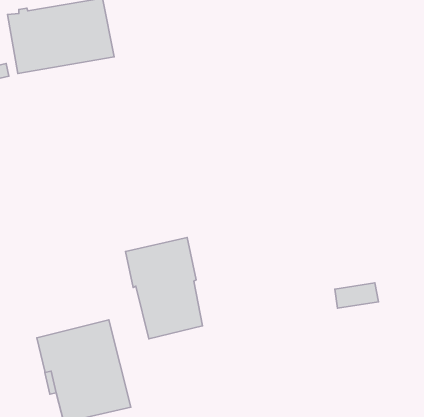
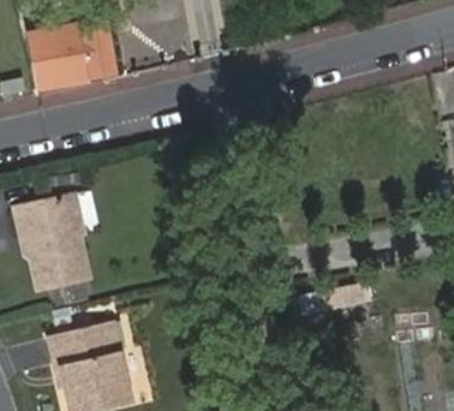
building: [126,238,203,339] -> [18,192,90,287]

